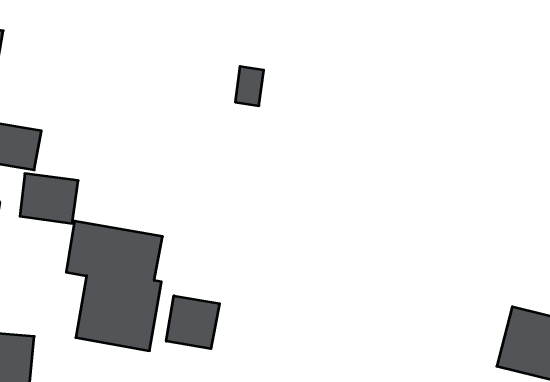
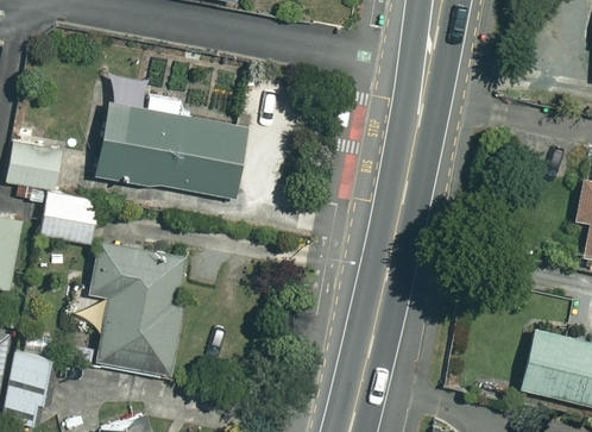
building: none -> [94,95,248,196]
building: [166,296,220,349] -> none

